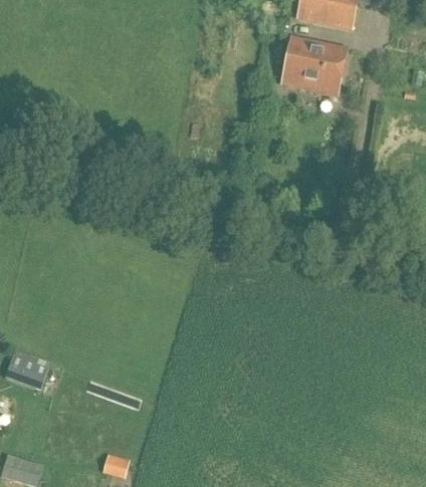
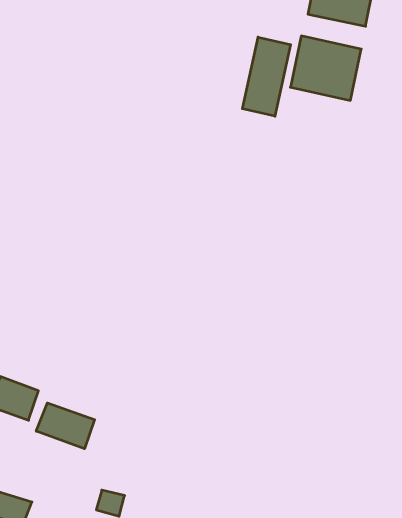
building: none -> [242,37,291,116]
building: none -> [36,403,95,449]

